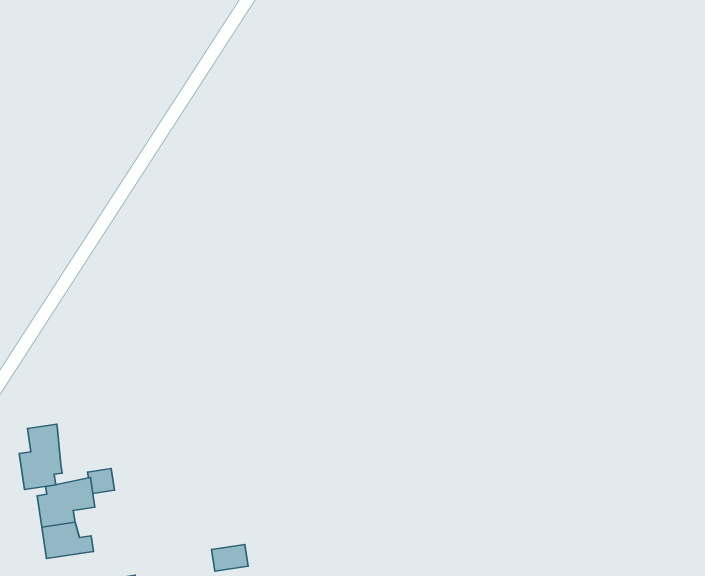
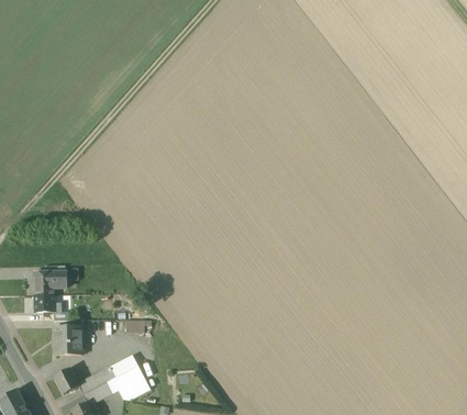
building: [19,424,62,489] -> none

